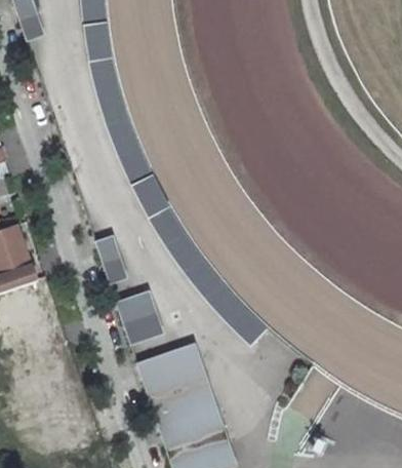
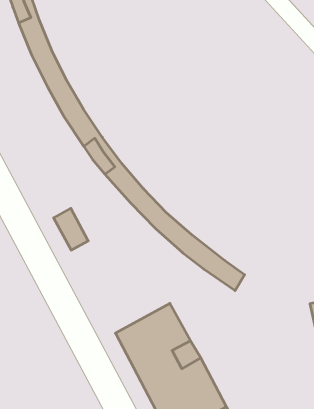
building: [117,296,161,339] -> none

